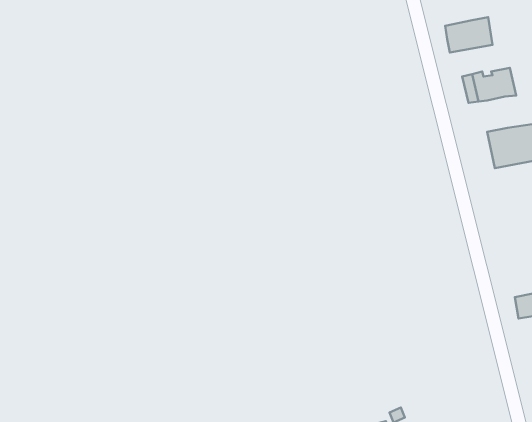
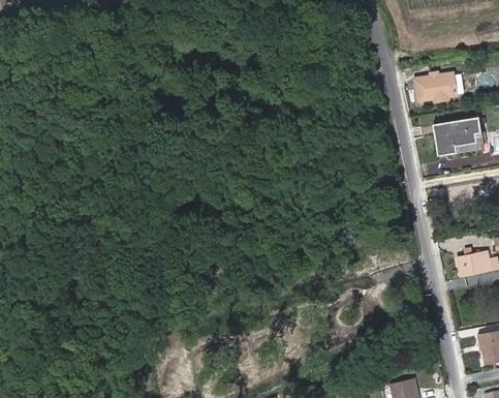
building: [445,17,493,52] -> none

